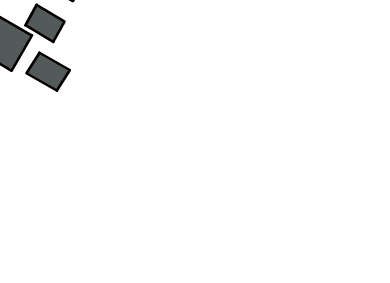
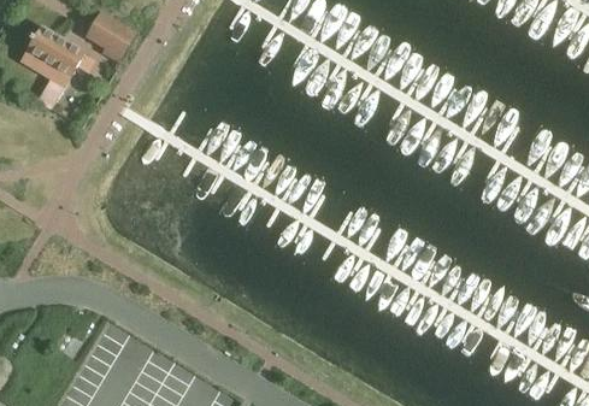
building: [27,53,70,91] -> none

